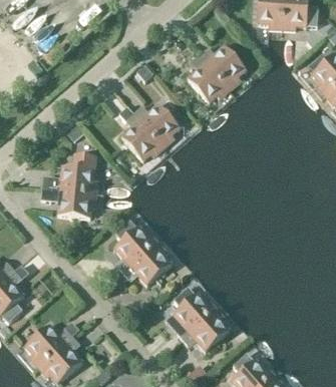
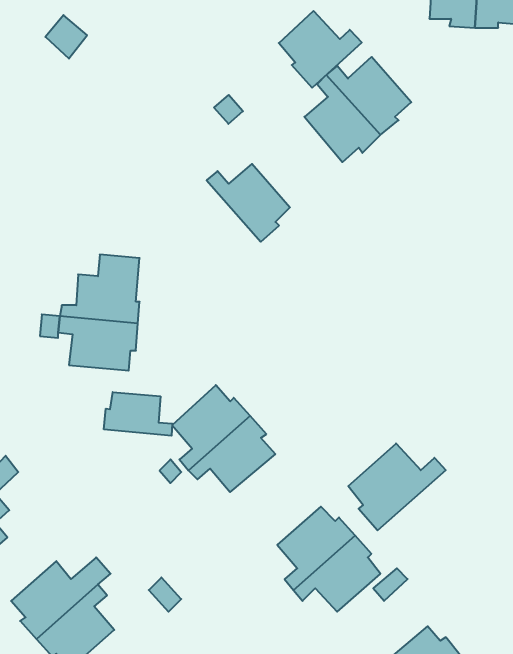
building: none -> [279,11,362,88]
building: [119,111,162,159] -> none
building: none -> [104,392,172,436]
building: none -> [348,443,446,530]

